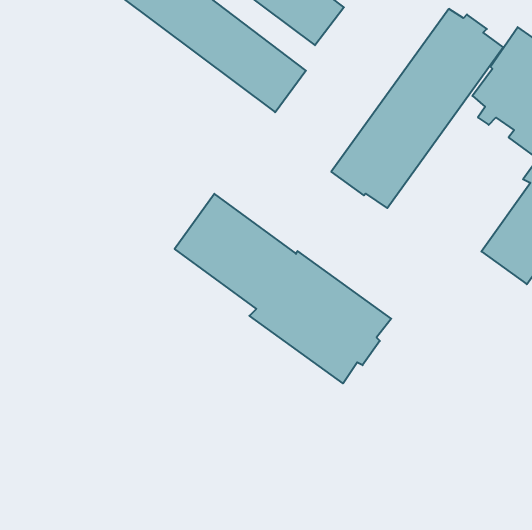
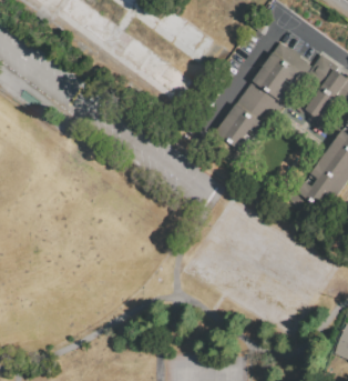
building: [175,194,391,383] -> none

